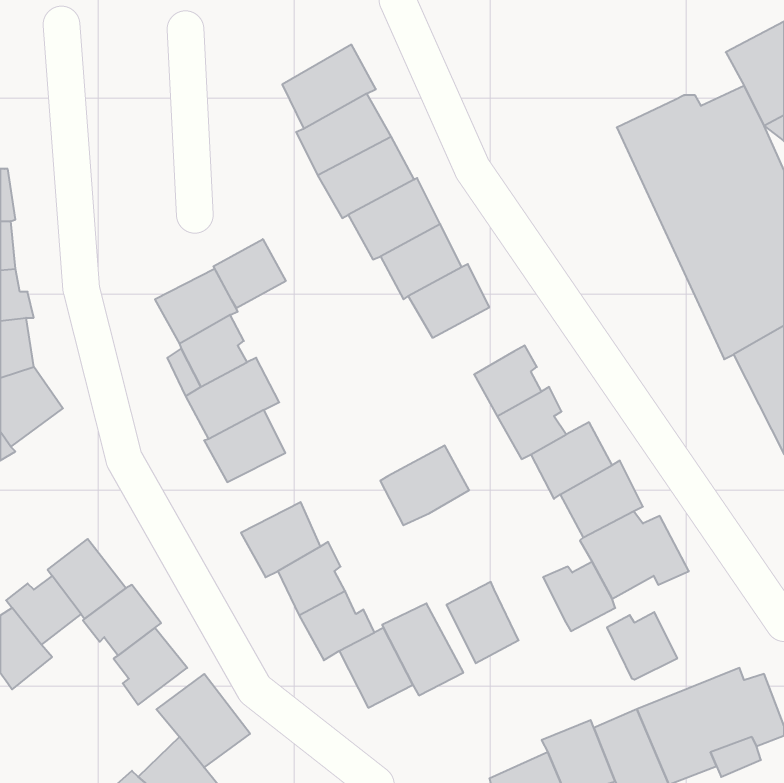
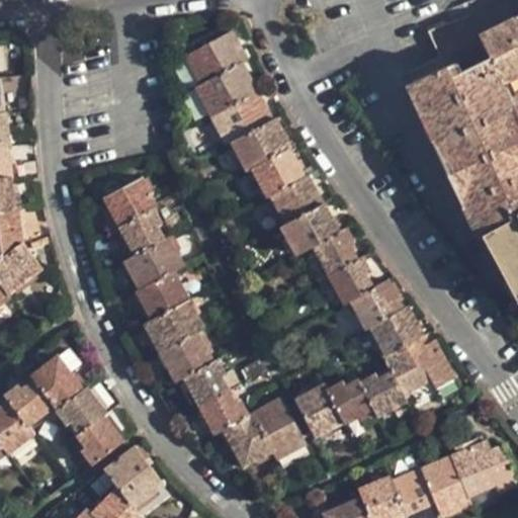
building: [213,239,286,308] -> none
building: [380,445,469,525] -> [280,203,339,256]
building: none -> [144,299,205,352]
building: [607,612,677,680] -> [326,379,372,424]

